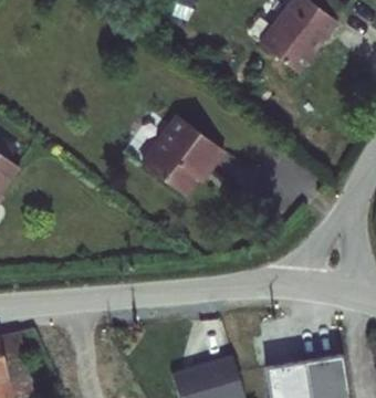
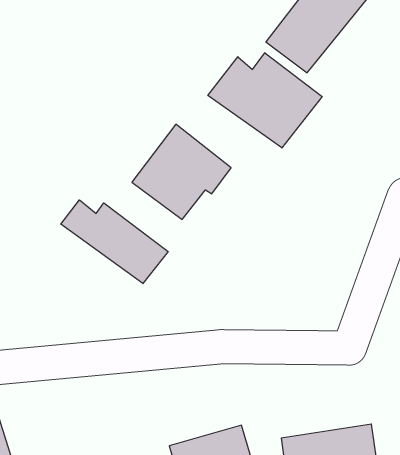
building: none -> [208,53,322,148]
building: none -> [61,200,168,284]

